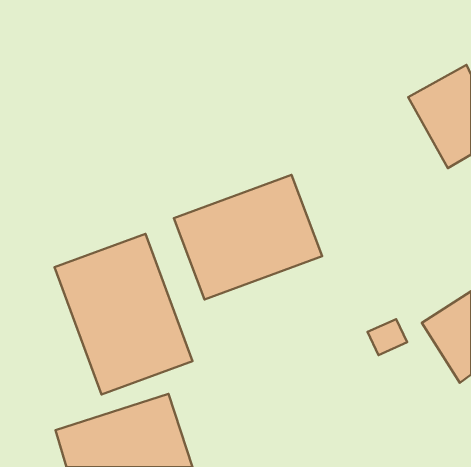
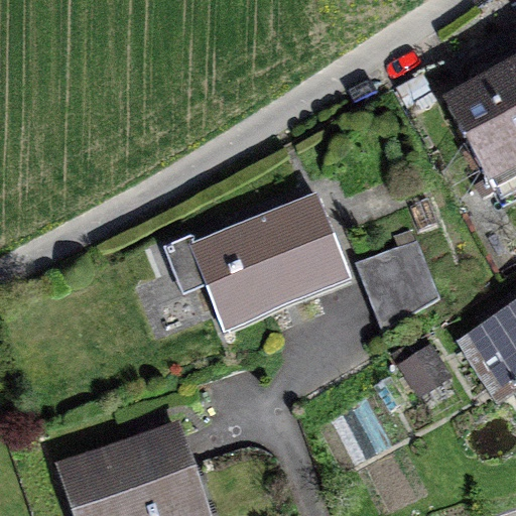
building: none -> [358,241,444,330]
building: [54,234,193,394] -> none

